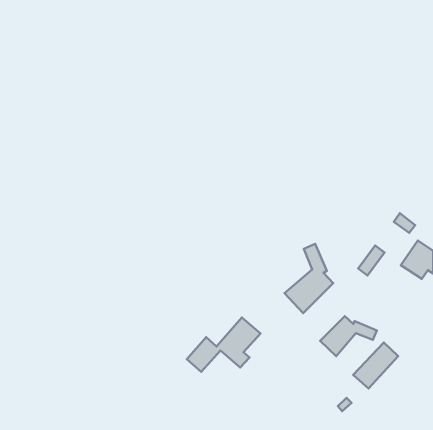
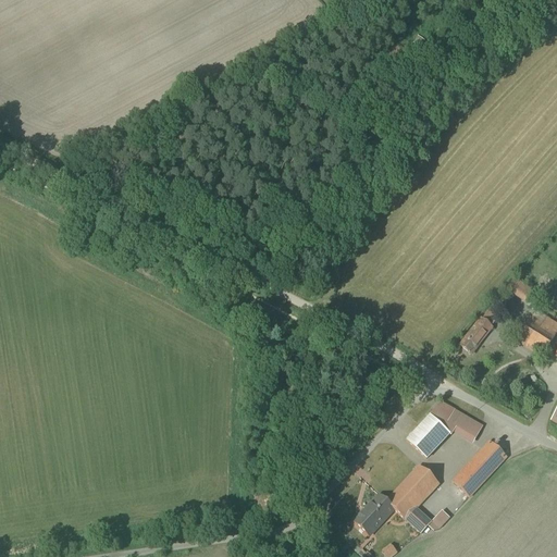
building: [284,244,333,313] -> none
building: [187,317,261,372] -> [349,463,444,533]

